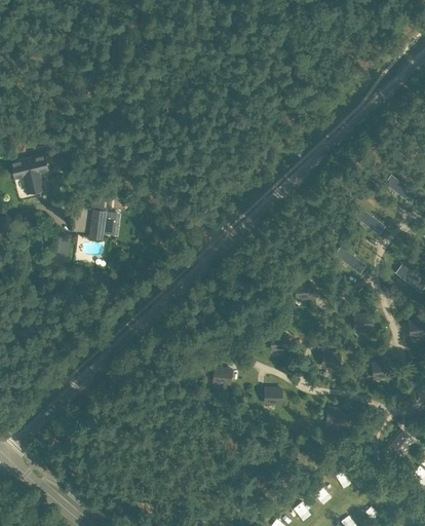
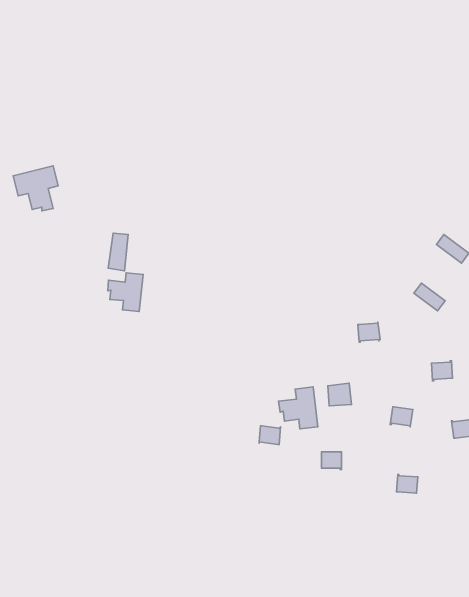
building: none -> [108,273,143,312]
building: none -> [279,387,318,429]

